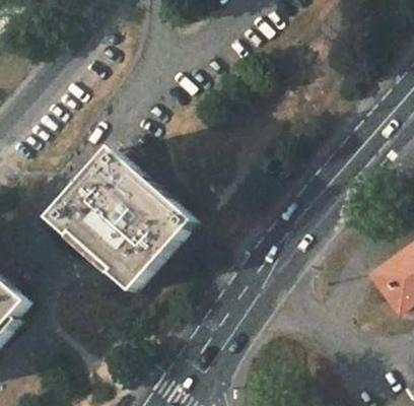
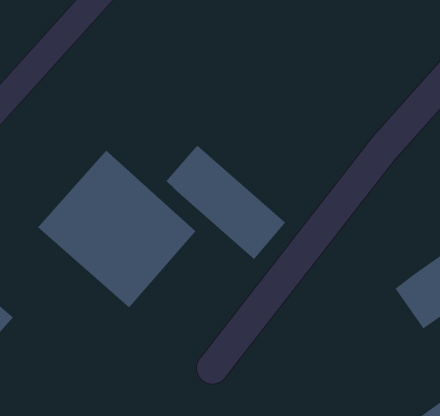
building: none -> [165,145,286,260]

